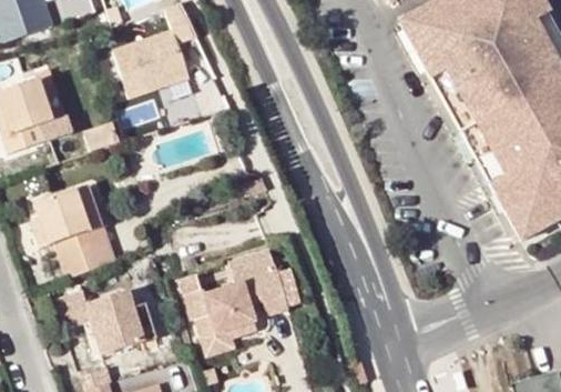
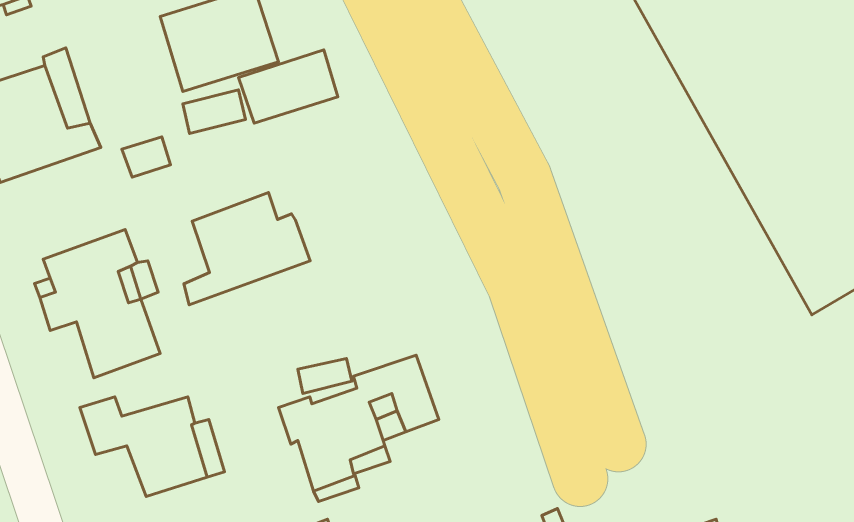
building: none -> [184,192,310,305]

